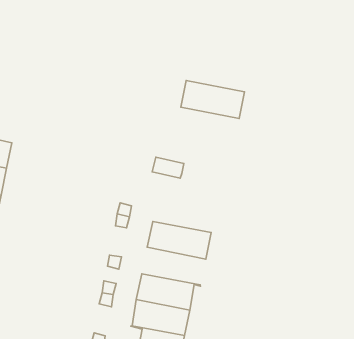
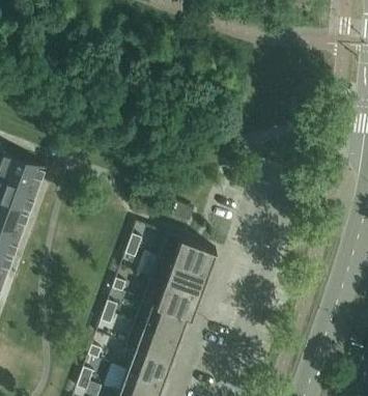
building: [181,81,244,118] -> [159,233,217,274]
building: none -> [142,278,200,318]

